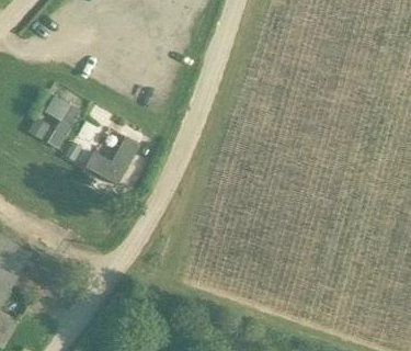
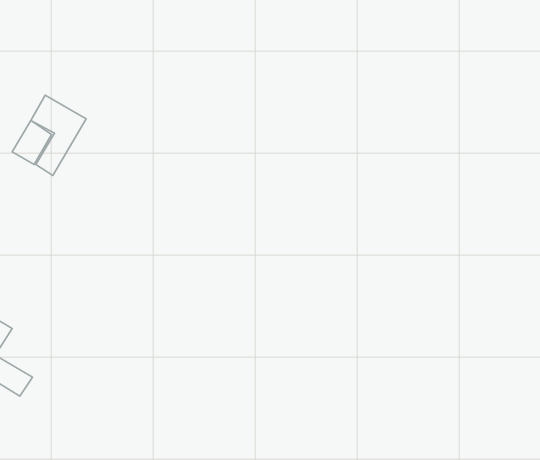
building: [79,133,136,183] -> none

